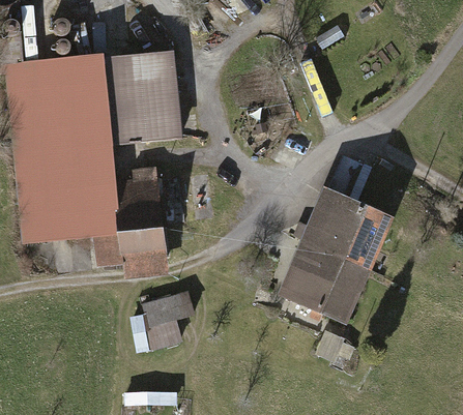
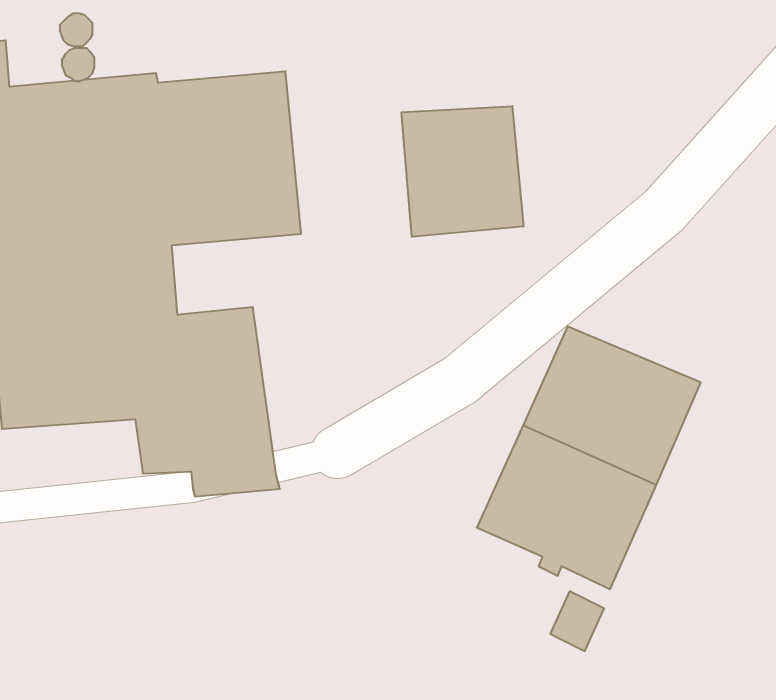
building: none -> [401,106,523,237]
building: [129,290,195,352] -> none

